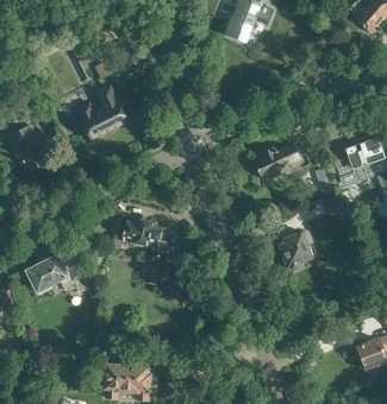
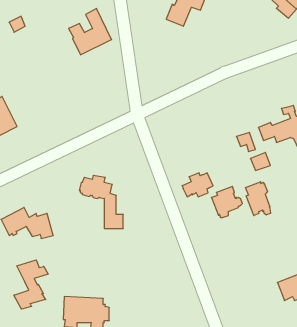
building: [76,84,127,139] -> [69,9,112,55]
building: [254,147,291,176] -> [182,173,213,197]
building: none -> [245,182,271,216]
building: none -> [14,260,48,309]

